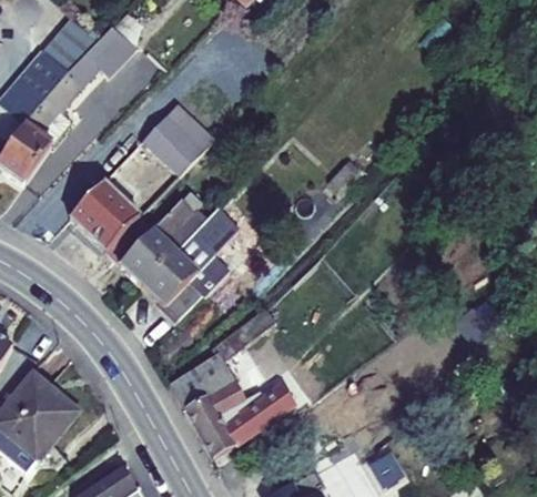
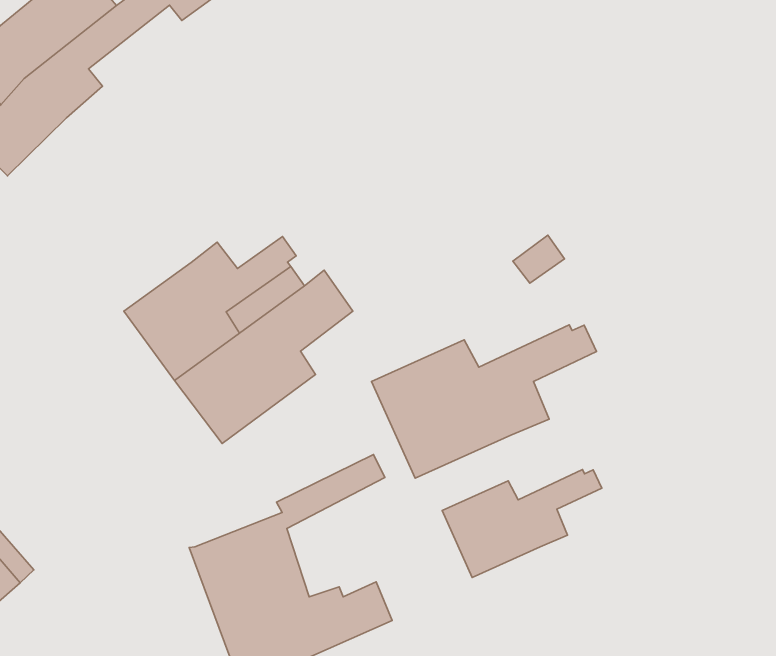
building: [71,104,214,250] -> none
building: none -> [372,325,597,478]
building: none -> [442,470,602,577]

